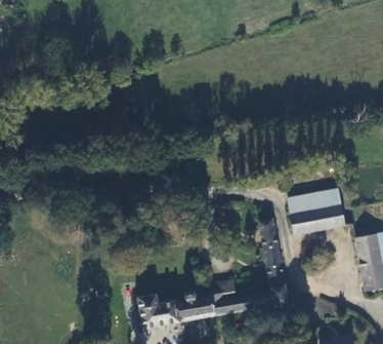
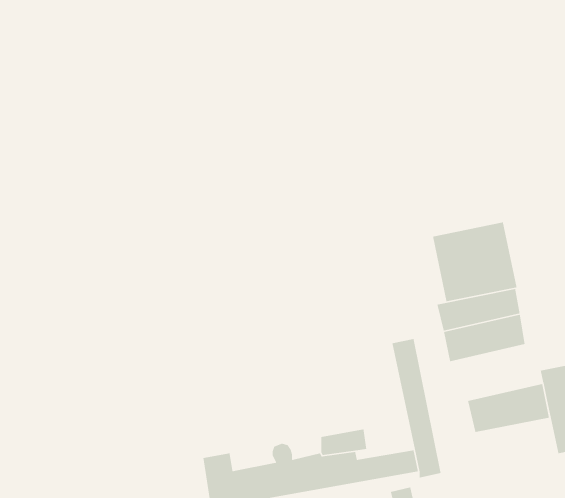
building: none -> [432,221,517,302]
building: none -> [467,383,550,433]

